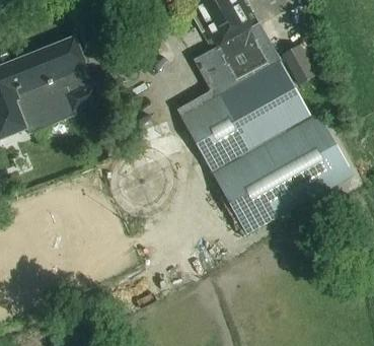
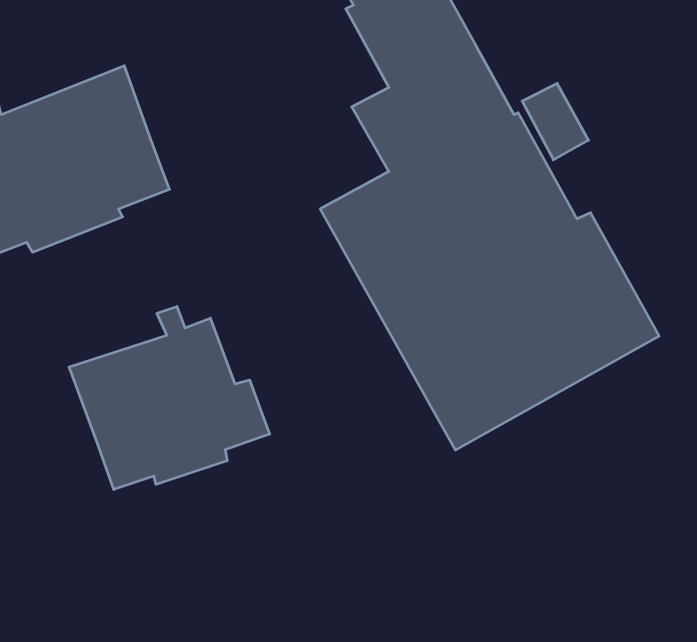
building: none -> [69,306,270,490]

